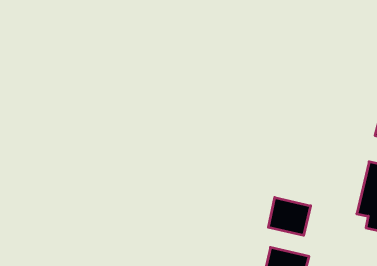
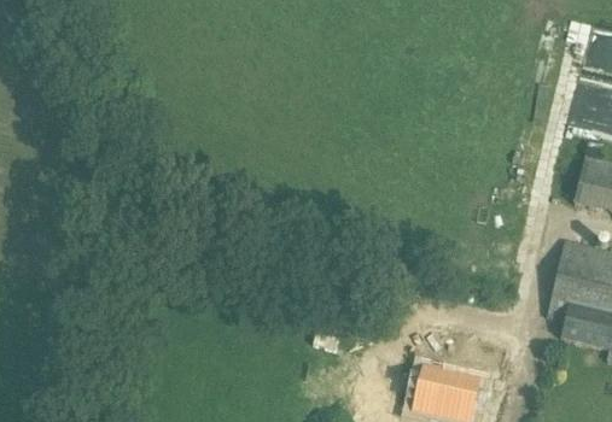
building: [268,197,311,235] -> none

